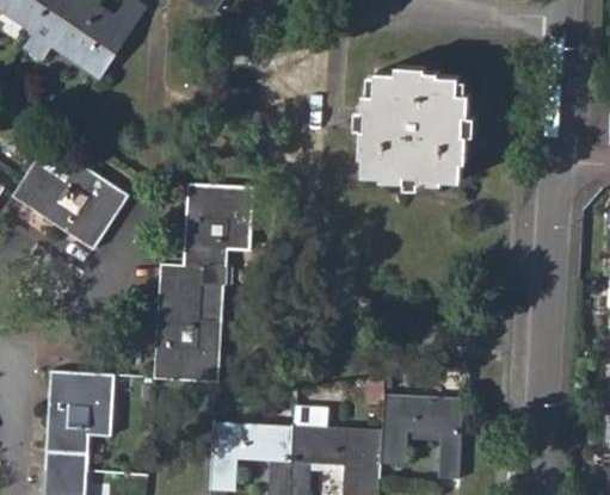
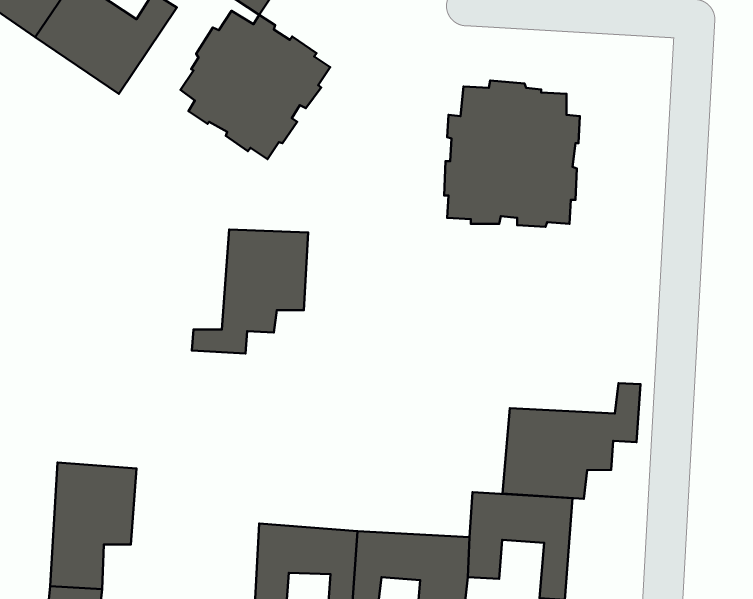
building: none -> [181,11,330,159]
building: [12,161,128,249] -> none
building: [153,281,223,382] -> none
building: none -> [502,383,641,499]

